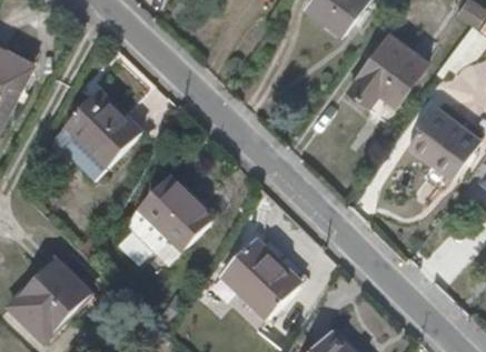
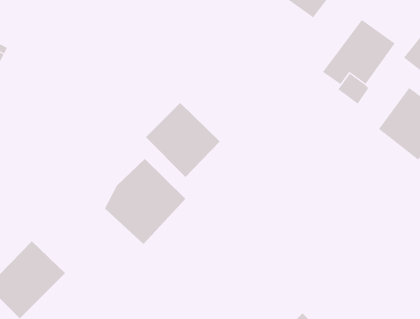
building: [65,91,141,168] -> [145,102,221,178]
building: [224,241,298,316] -> none

